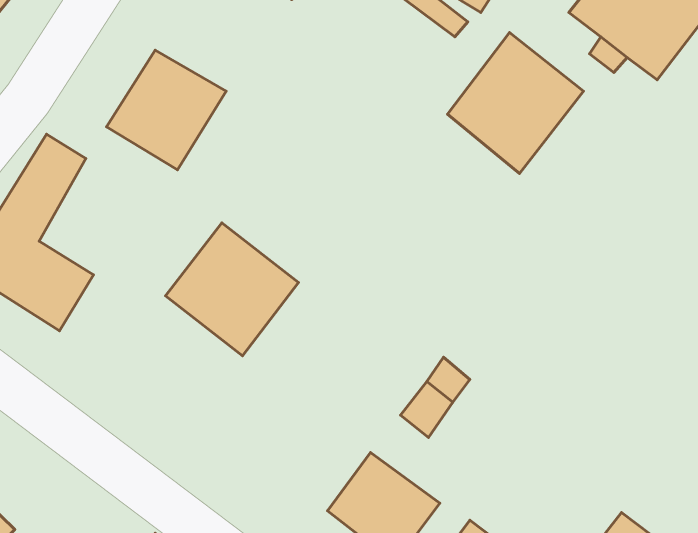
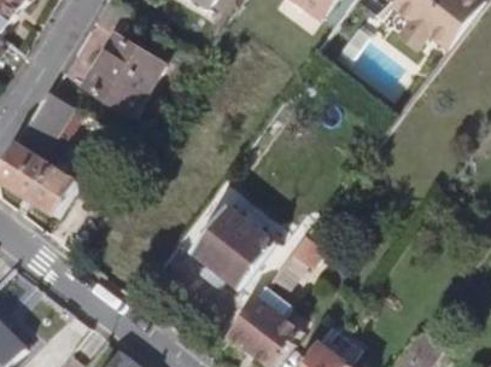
building: [448,33,583,173] -> none
building: [166,223,299,356] -> [189,204,275,290]

